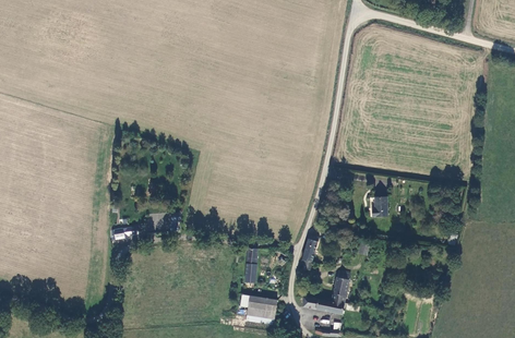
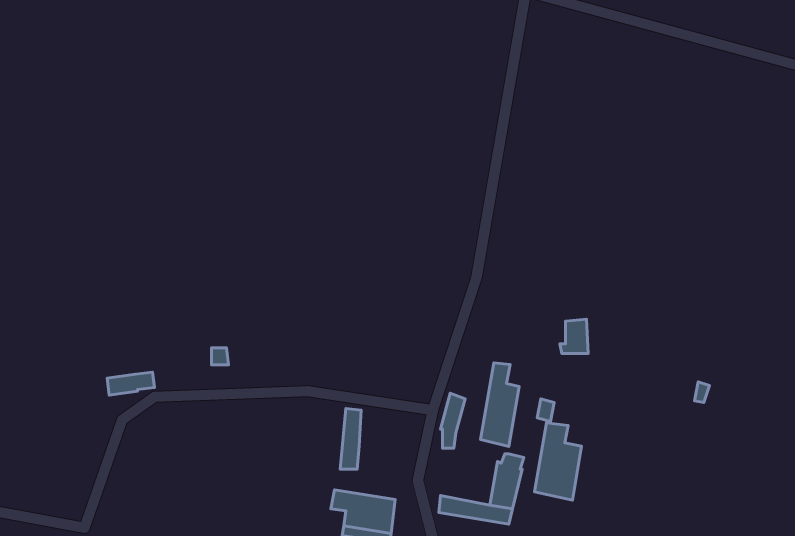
building: none -> [480,363,519,446]
building: none -> [535,423,582,500]

